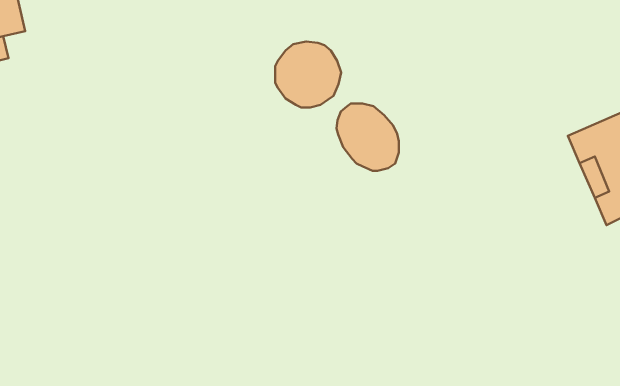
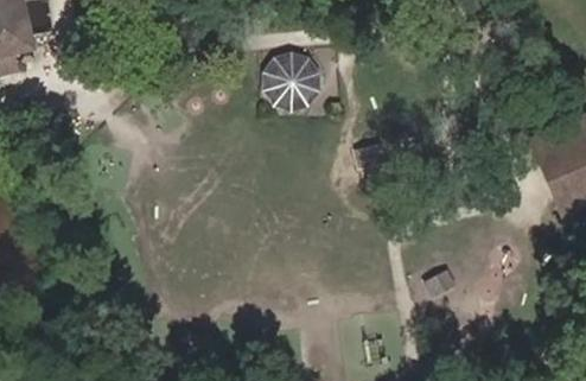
building: [336,103,399,171] -> none

